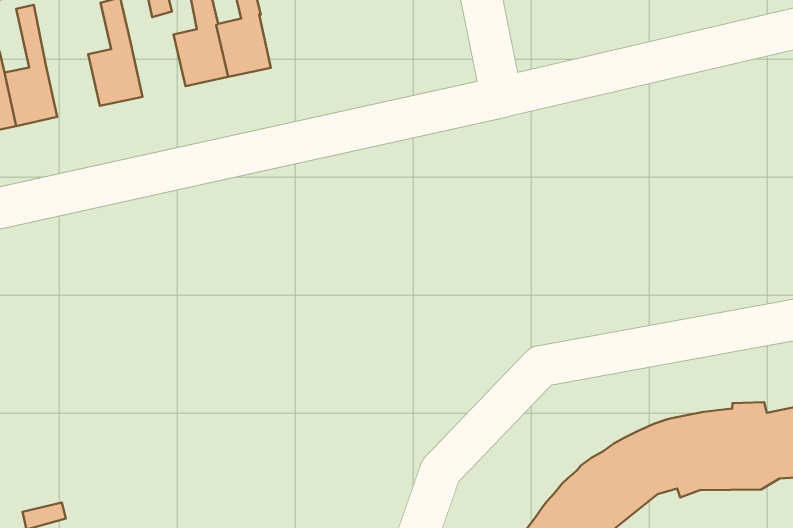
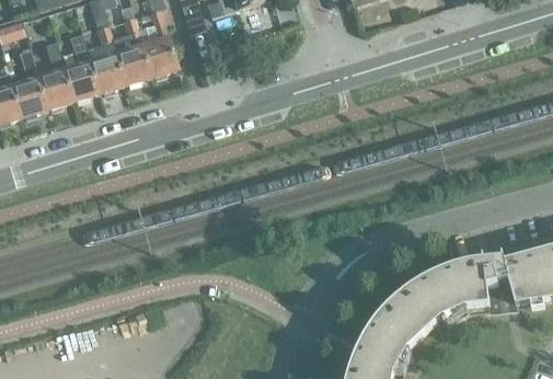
building: none -> [36,39,72,108]
building: none -> [89,51,125,92]

